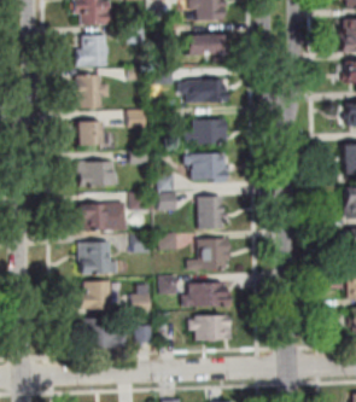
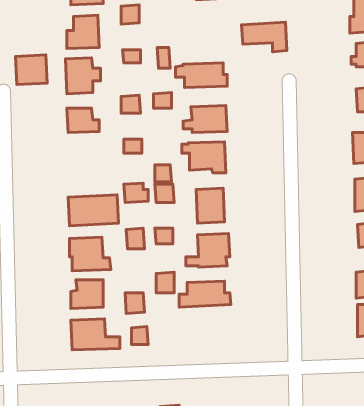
building: [186,33,228,60] -> [242,22,287,52]
building: none -> [16,55,47,85]
building: [80,161,118,185] -> none
building: [189,314,232,340] -> none

